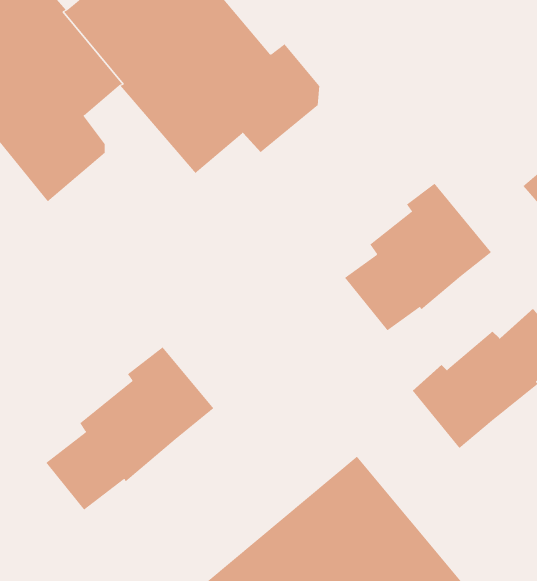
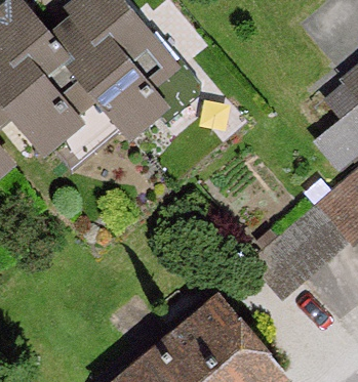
building: [344,183,492,331] -> none
building: [45,347,214,510] -> none

